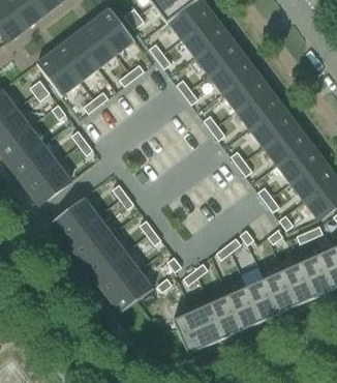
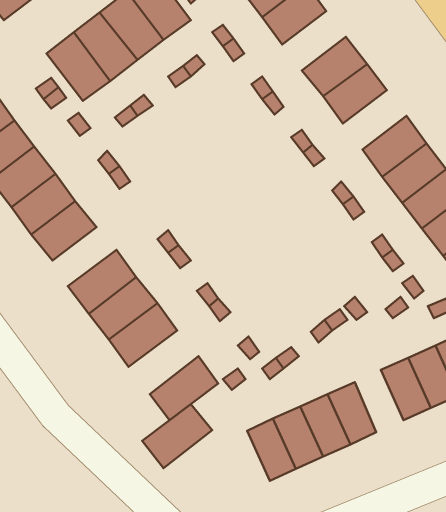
building: [196,34,240,75] -> none
building: [238,88,281,128] -> none
building: [92,252,140,295] -> [142,404,212,468]
building: [246,278,279,321] -> none

